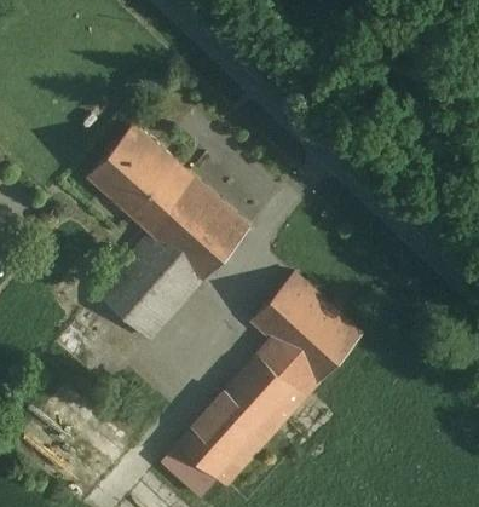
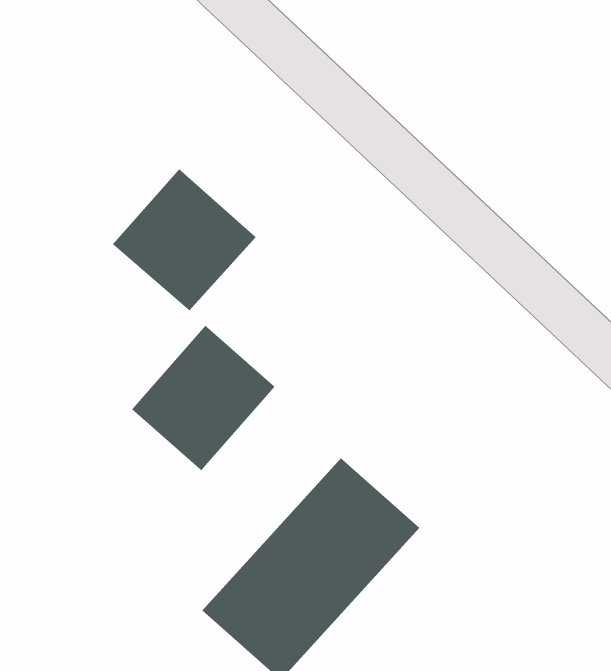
building: [149,179,258,286] -> none
building: [240,269,356,384] -> none

